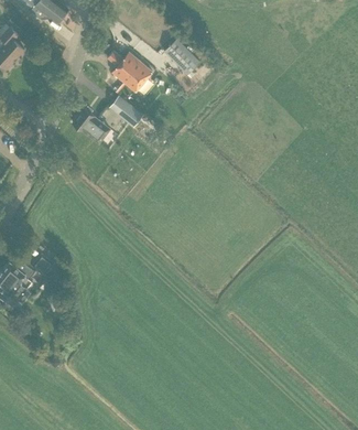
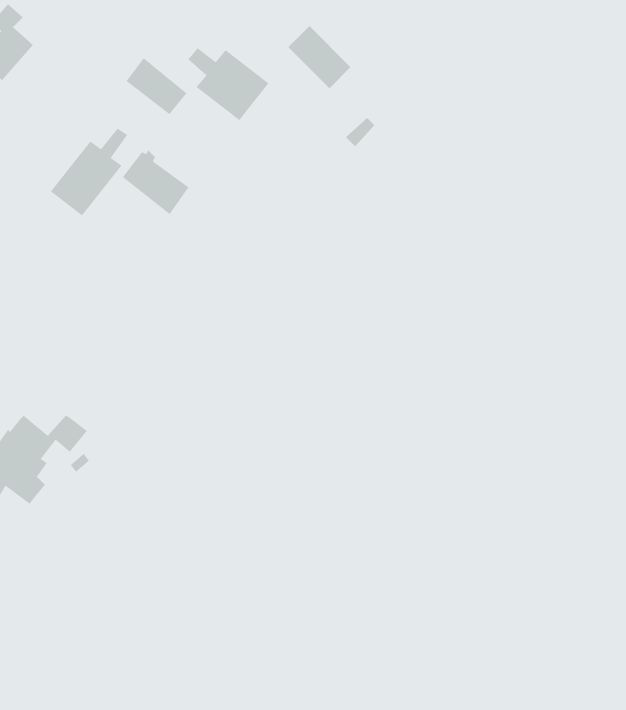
building: [108,95,142,127] -> [126,57,187,115]
building: none -> [50,127,128,216]

